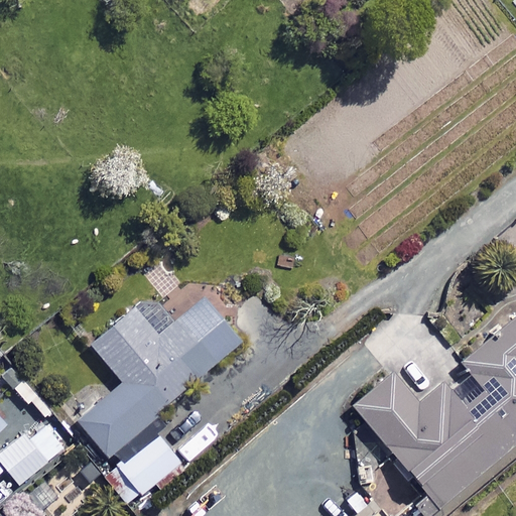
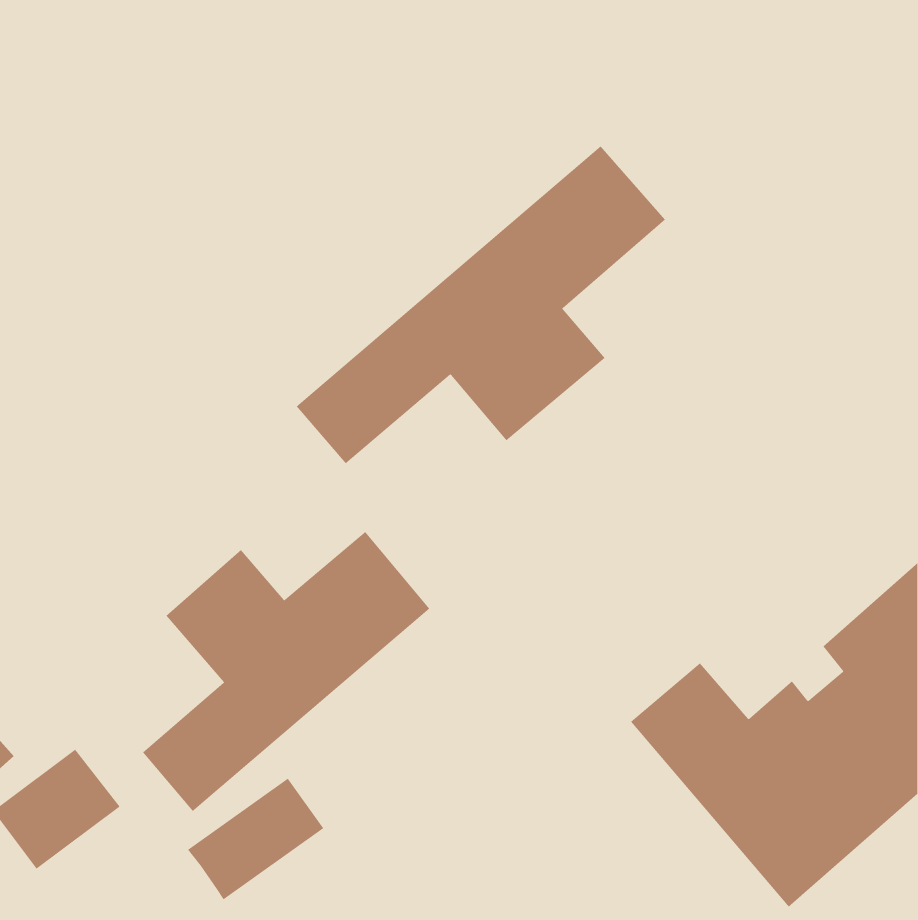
building: none -> [296,146,666,464]

